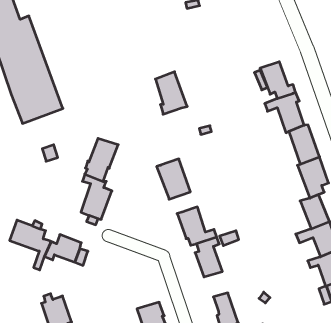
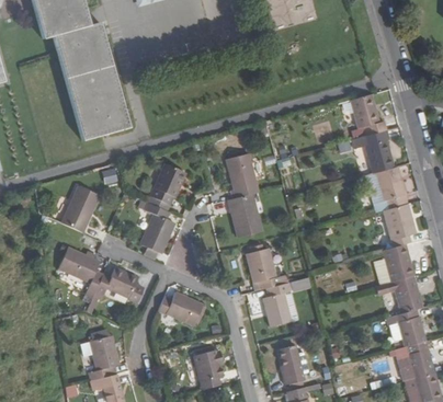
building: [155,72,187,114] -> [226,152,259,198]
building: none -> [60,185,100,232]
building: none -> [158,291,202,325]

